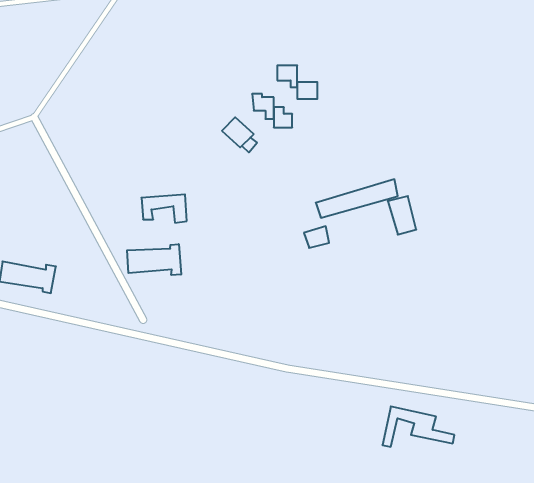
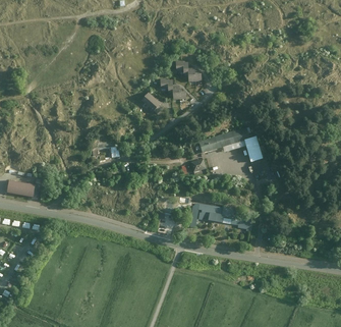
building: [127,244,181,275] -> none
building: [382,406,454,447] -> [189,203,233,227]

